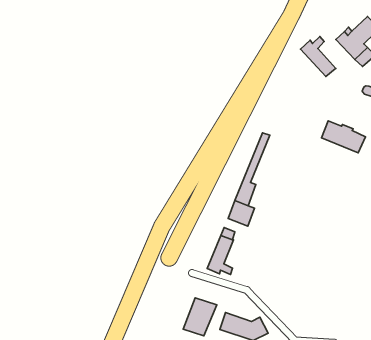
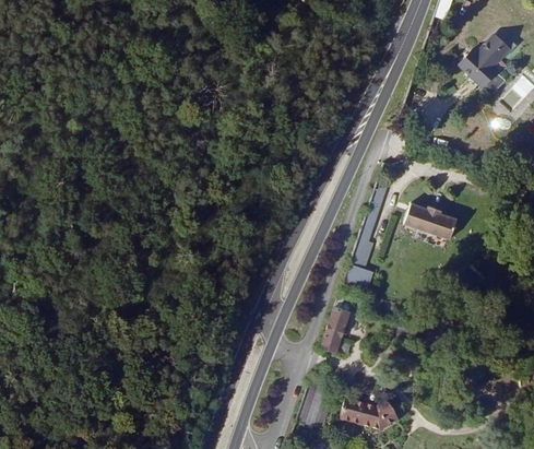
building: [301,36,336,76] -> none
building: [322,121,366,153] -> [405,203,458,239]

